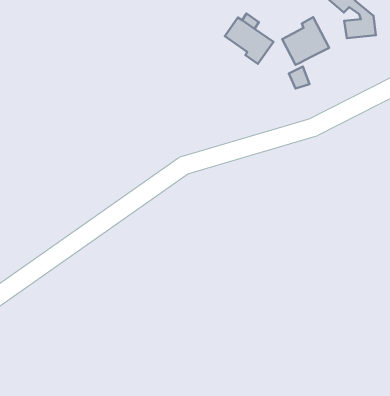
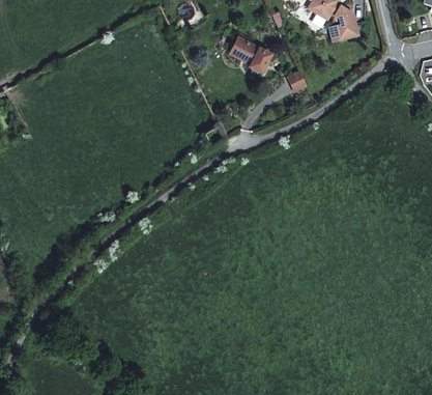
building: [282,17,329,65] -> none

